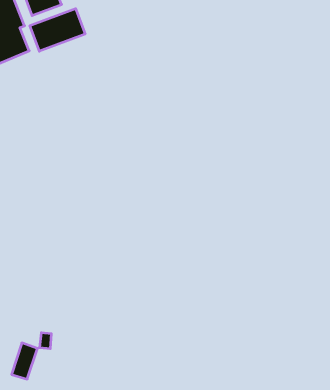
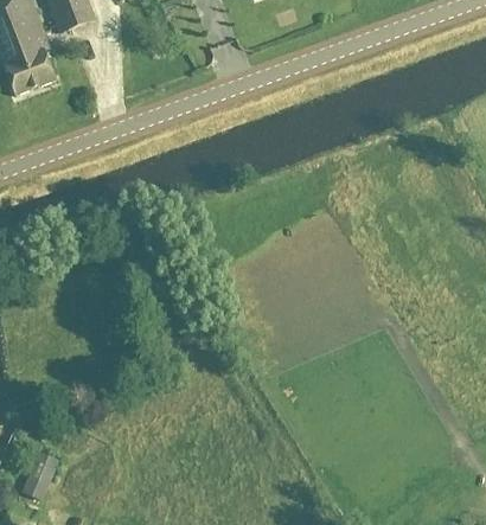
building: [30,9,85,51] -> none

